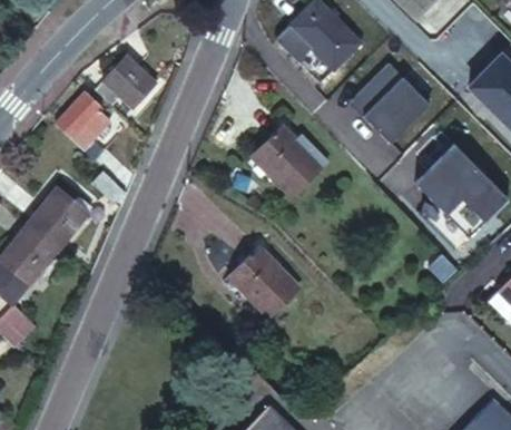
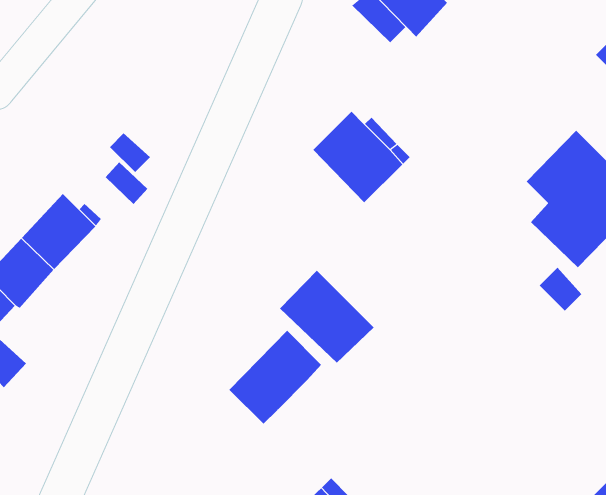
building: [109,48,160,99] -> none
building: [352,61,432,149] -> none
building: [63,94,114,145] -> none
building: none -> [229,330,322,425]

